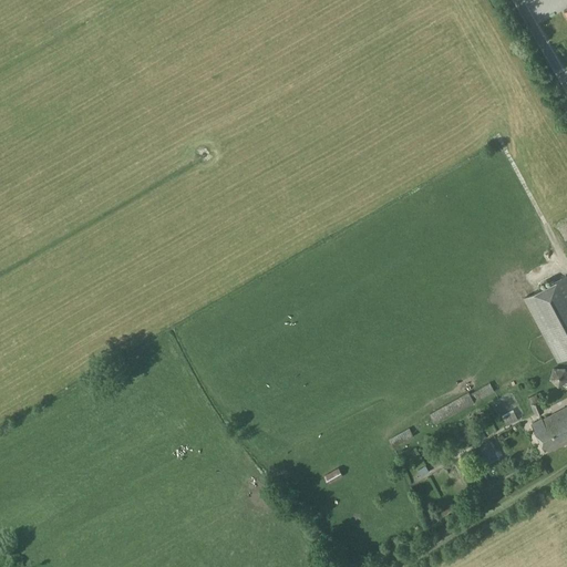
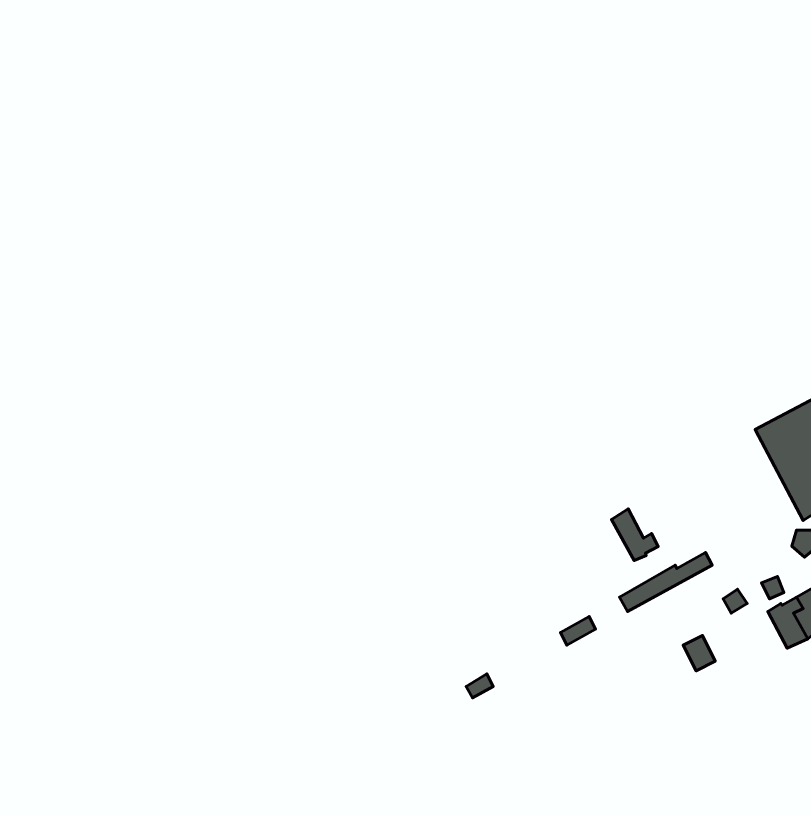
building: none -> [612,509,658,561]

